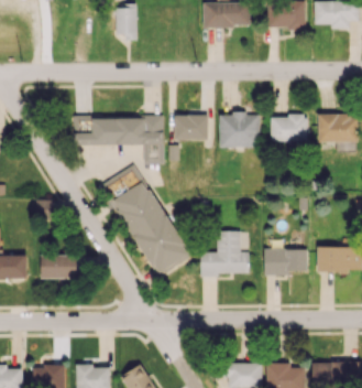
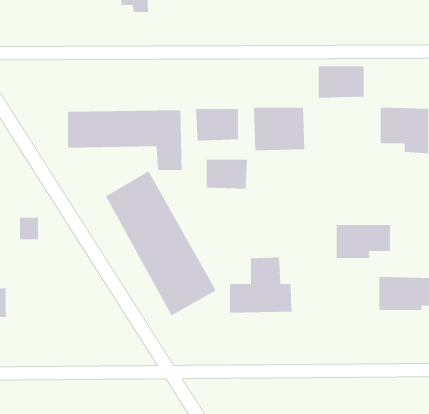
building: [271,116,307,141] -> [318,66,364,98]
building: none -> [206,159,248,190]
building: [264,249,307,276] -> [336,225,391,258]
building: [41,255,77,279] -> none

